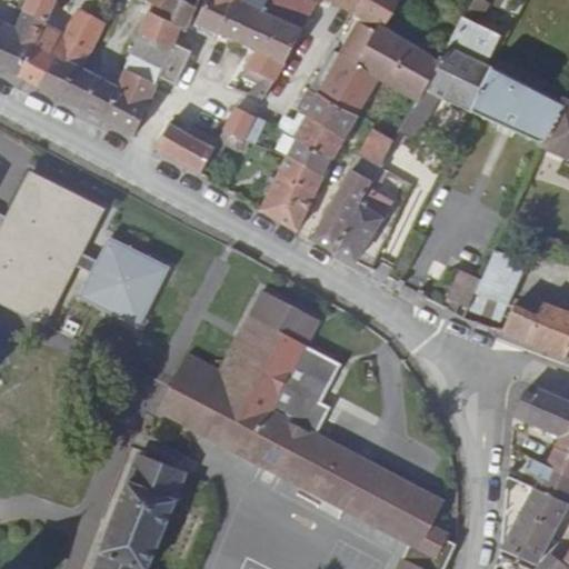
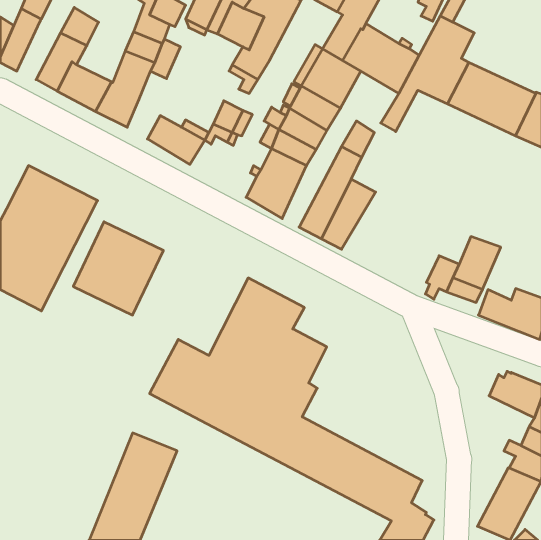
building: [19,22,64,83] -> none

